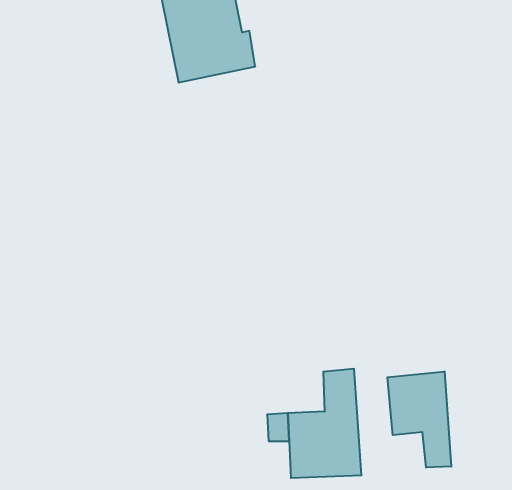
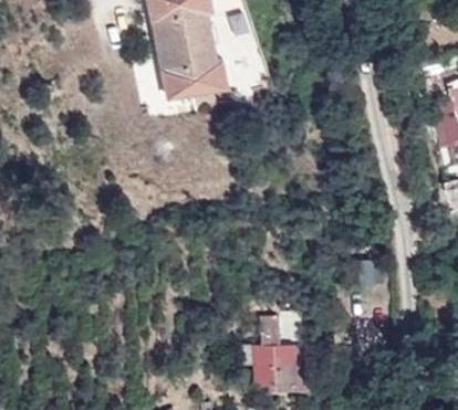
building: [387,371,451,468] -> none

